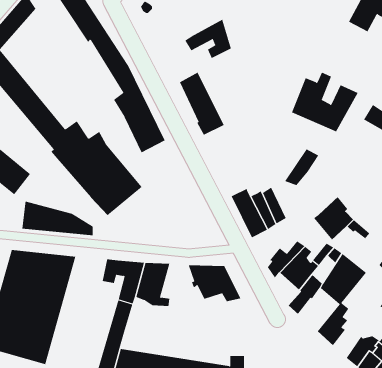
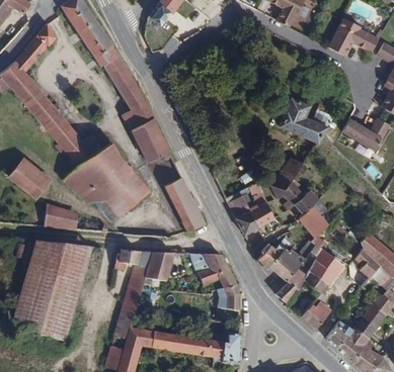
building: [185,19,232,59] -> none
building: [179,72,225,136] -> [165,176,205,231]
building: none -> [64,166,103,201]
building: none -> [271,177,319,214]
building: none -> [214,287,238,312]

